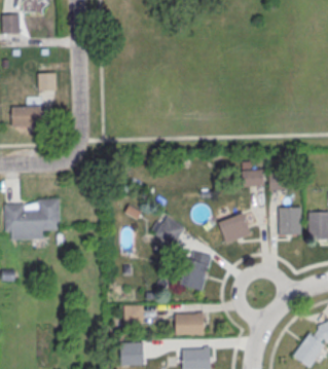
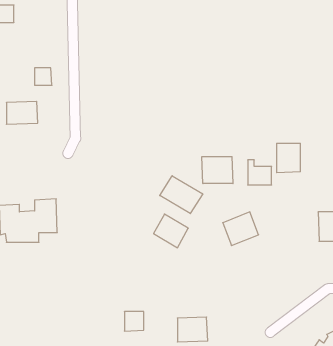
building: none -> [202,157,233,184]
building: none -> [160,176,203,214]
building: [279,207,301,234] -> [277,143,300,173]
building: [180,250,213,291] -> none

